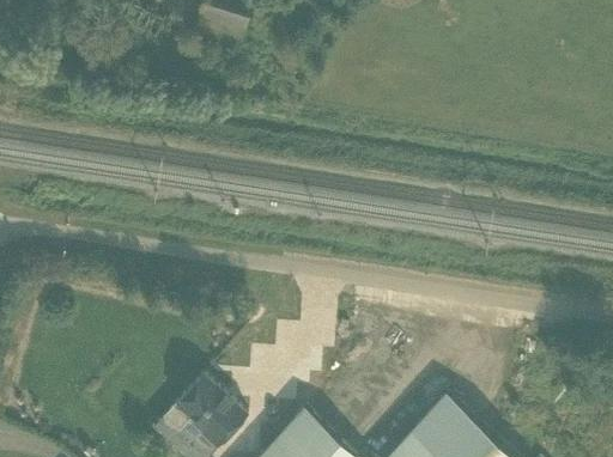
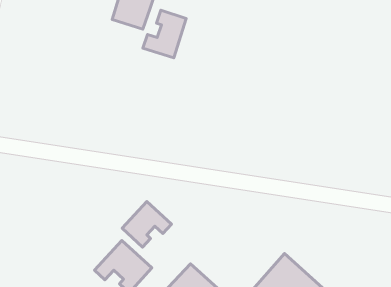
building: none -> [143,10,186,58]
building: none -> [122,201,171,247]

